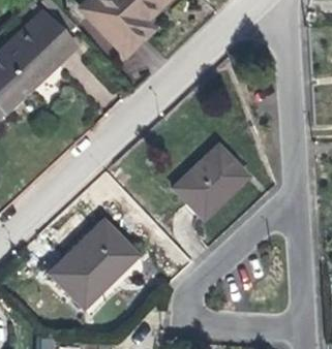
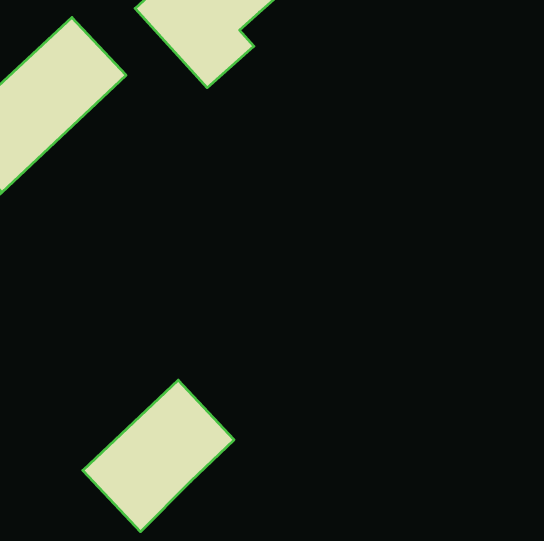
building: [175,144,249,218] -> none

